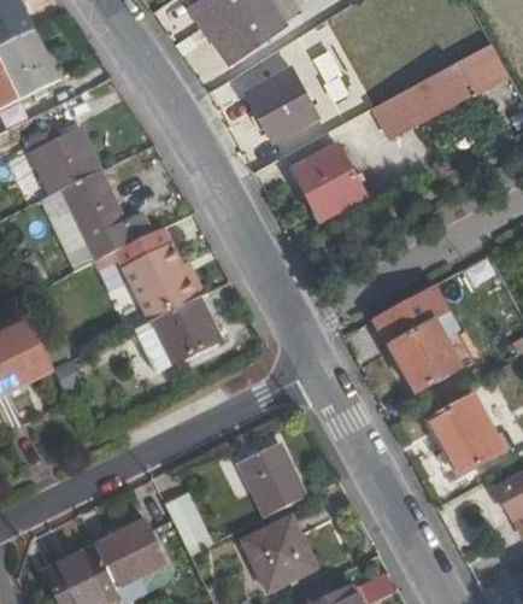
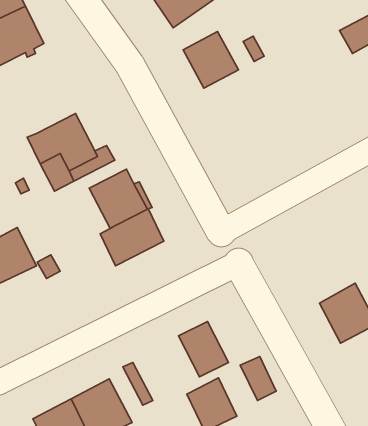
building: [372,61,469,135] -> none
building: [28,127,102,198] -> none
building: [289,141,363,217] -> none
building: [370,285,458,392] -> none
building: none -> [240,357,276,400]

